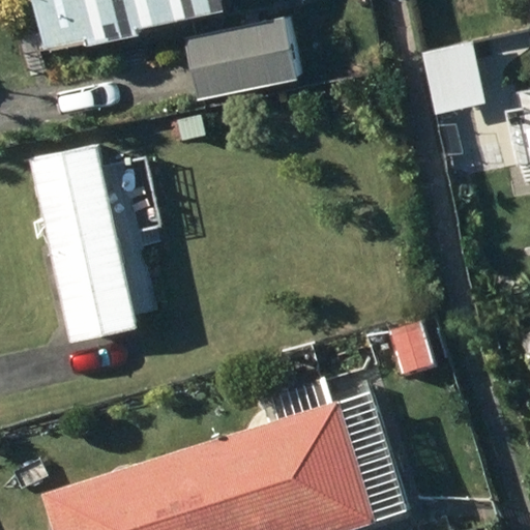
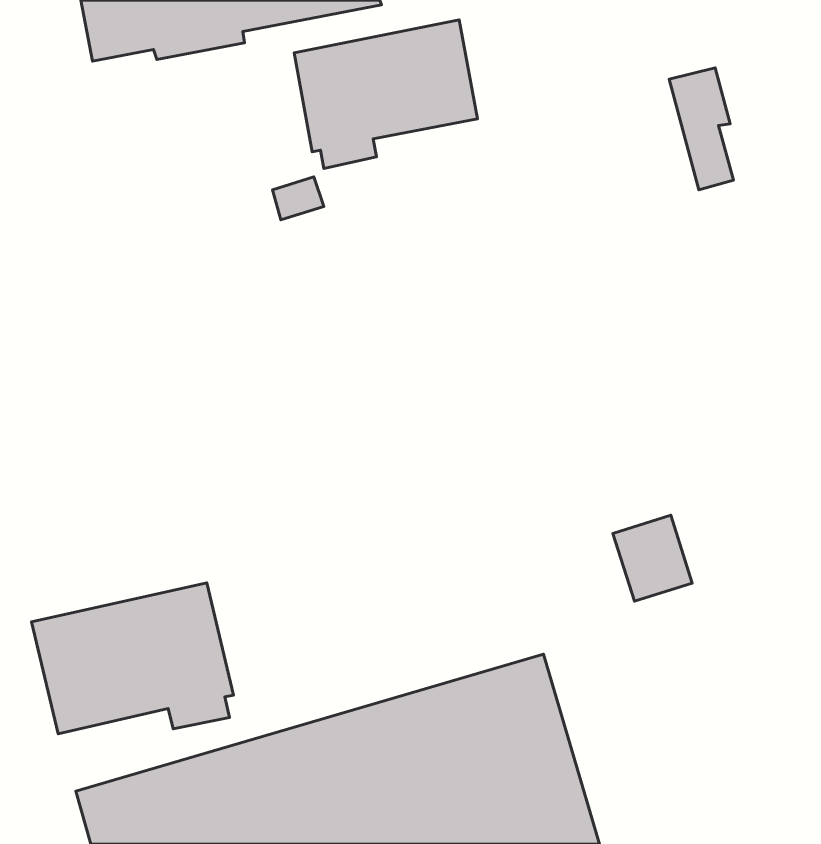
building: [31,138,141,338] -> none
building: none -> [32,583,233,734]

